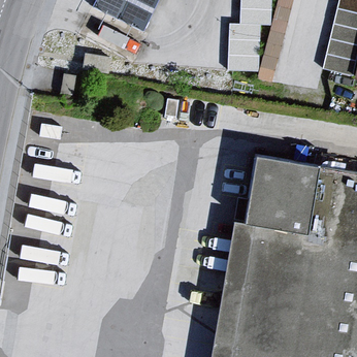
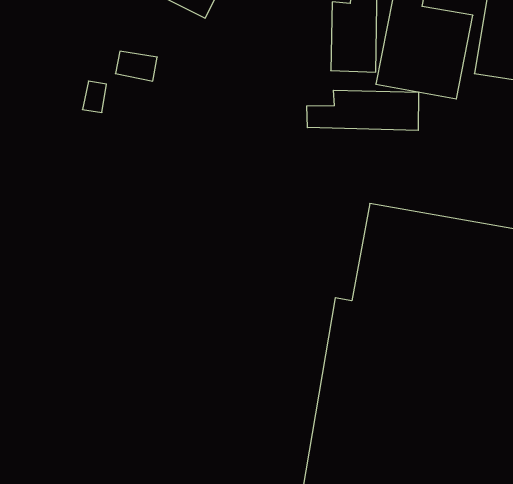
building: none -> [307,90,418,130]

